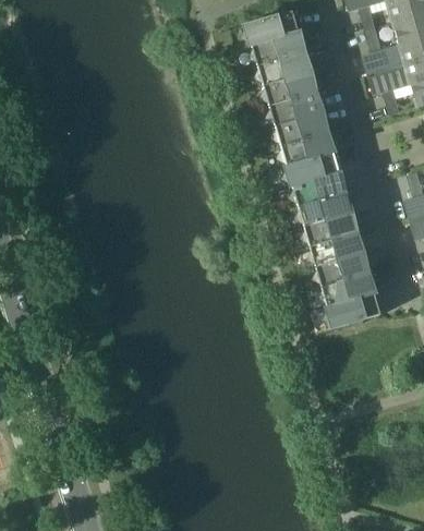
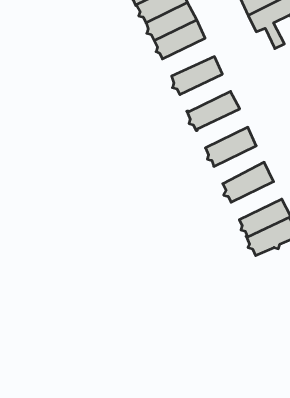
building: [270,90,325,124] -> none
building: [281,131,336,165] -> none
building: [293,170,348,205] -> none
building: [305,212,359,245] -> none
building: [317,252,371,286] -> none

